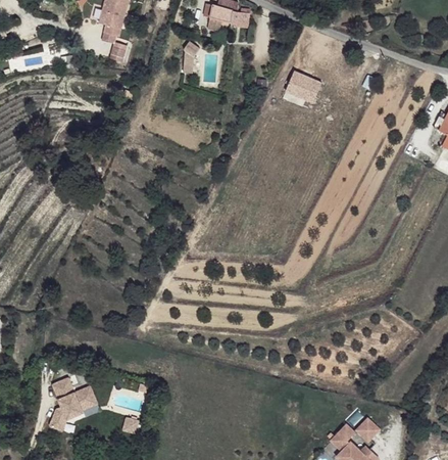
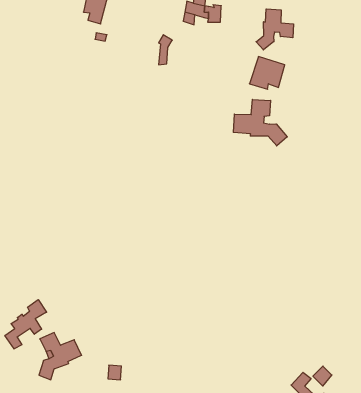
building: none -> [256,9,293,50]
building: none -> [233,99,287,146]
building: none -> [5,300,47,349]

